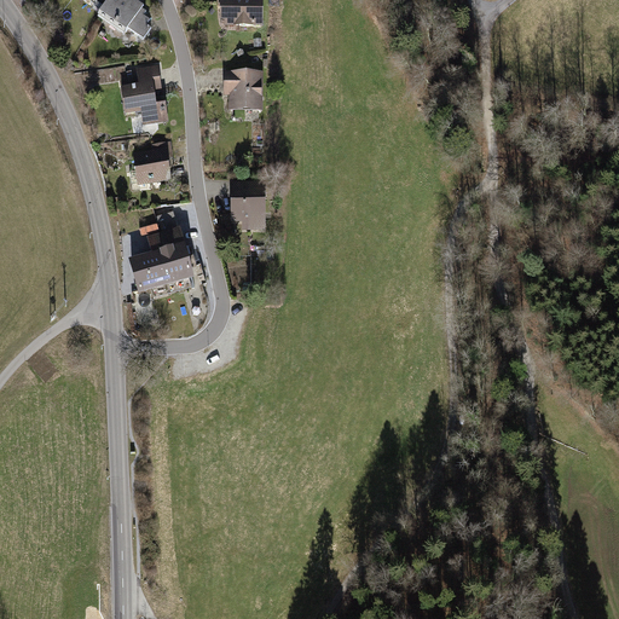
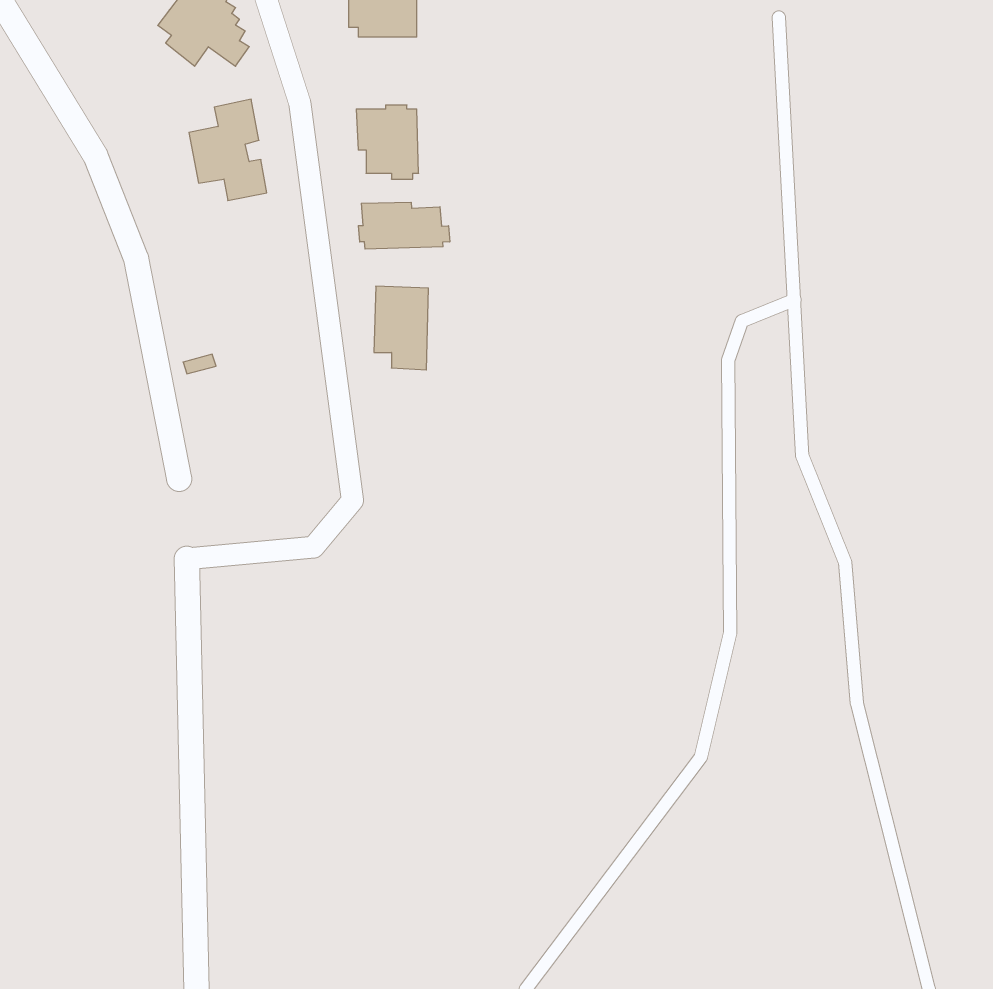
building: none -> [358,202,450,249]
building: [133,139,173,183] -> none
building: [129,227,195,293] -> none

